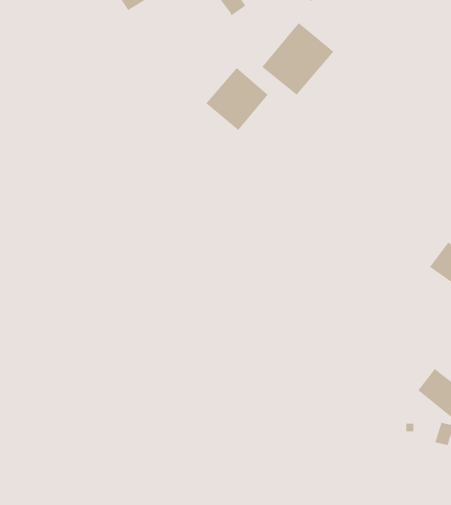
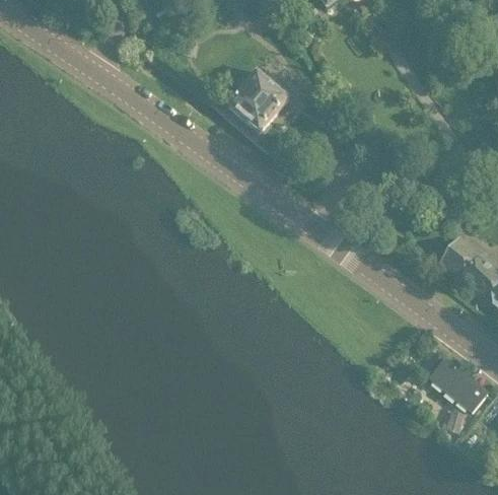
building: [262,22,334,95] -> none

